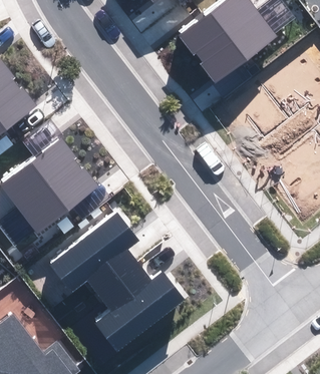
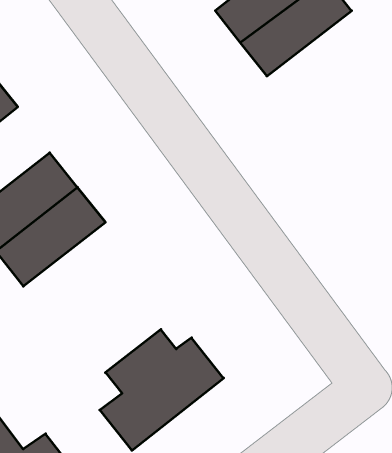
building: [49,213,138,297] -> none

